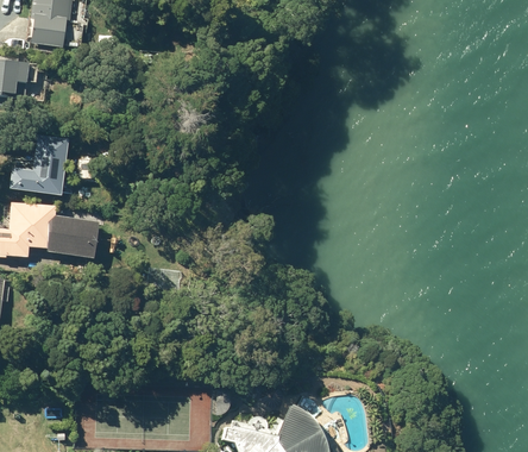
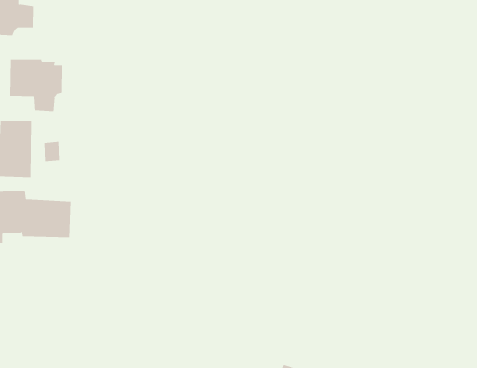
building: none -> [10,59,62,112]

